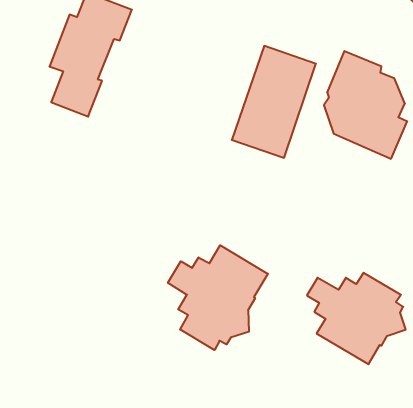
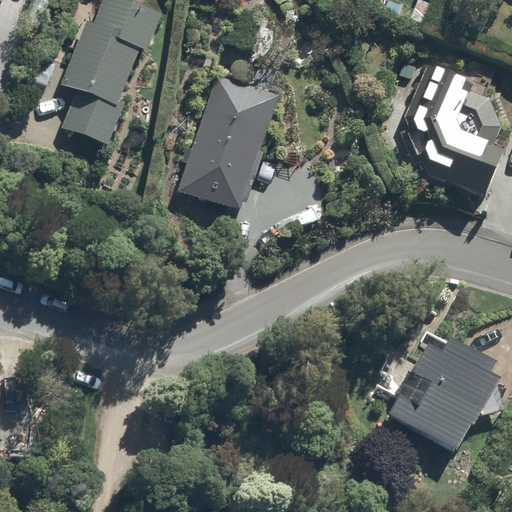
building: [232,46,316,158] -> [176,72,280,210]
building: [168,245,268,350] -> none

